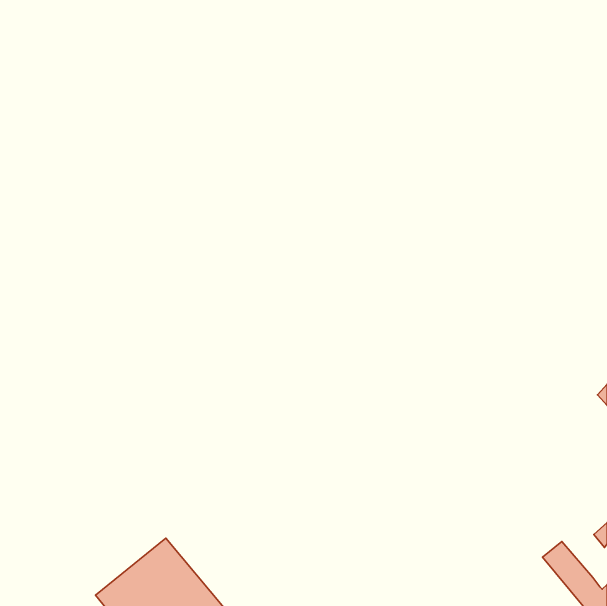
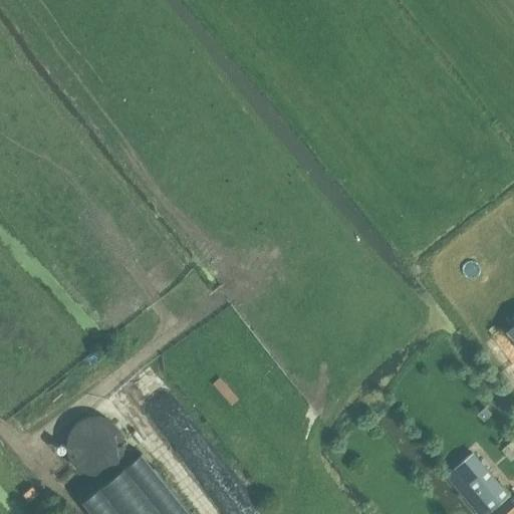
building: none -> [64,420,122,477]

